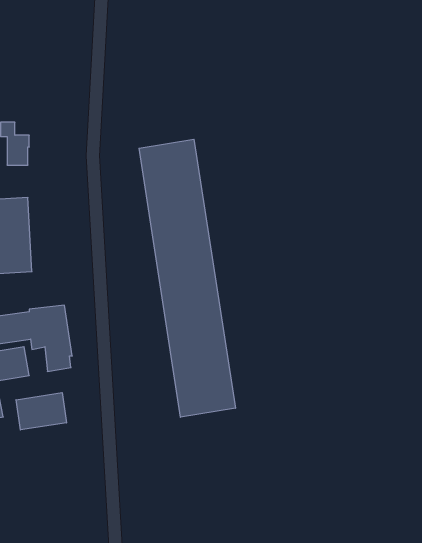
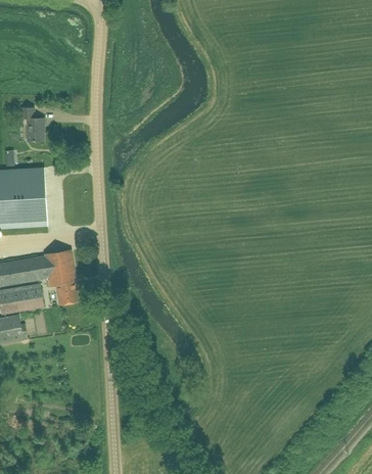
building: [139,139,235,417] -> none
building: [16,393,66,430] -> none

